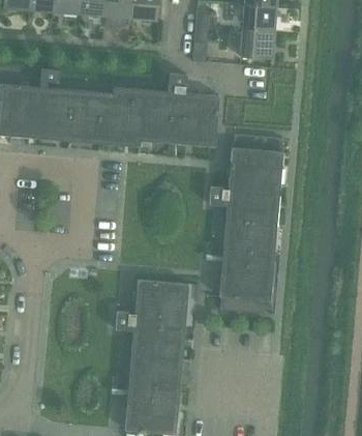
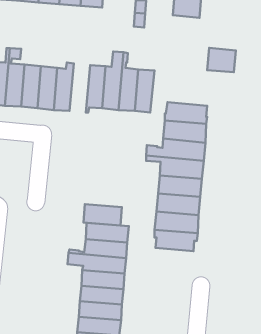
building: [239,30,273,59] -> [207,48,236,72]
building: [117,88,142,147] -> none
building: none -> [84,204,122,226]

